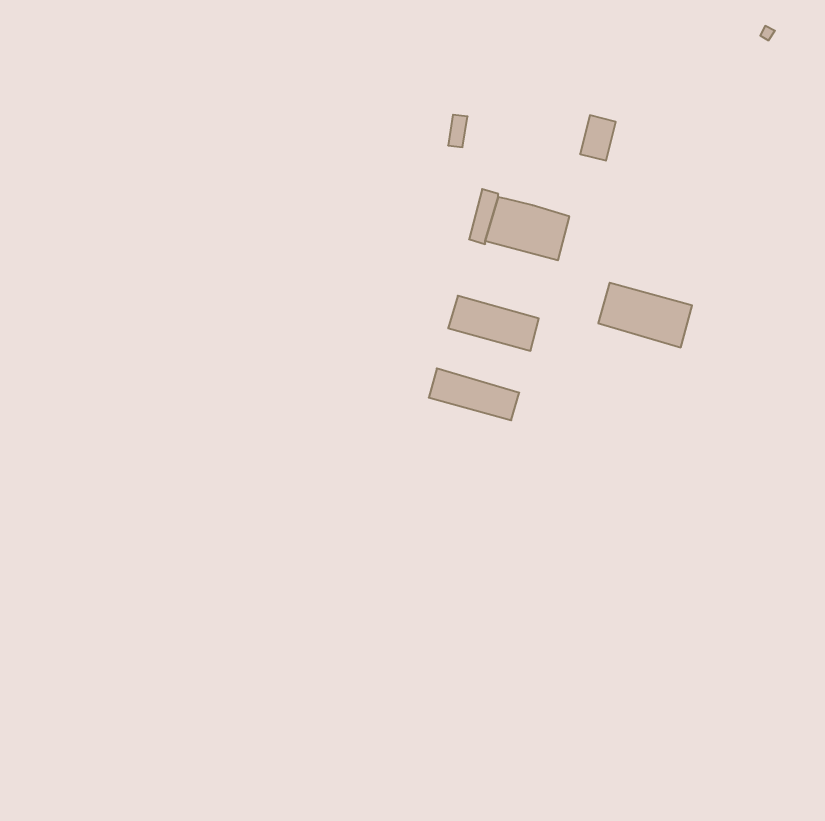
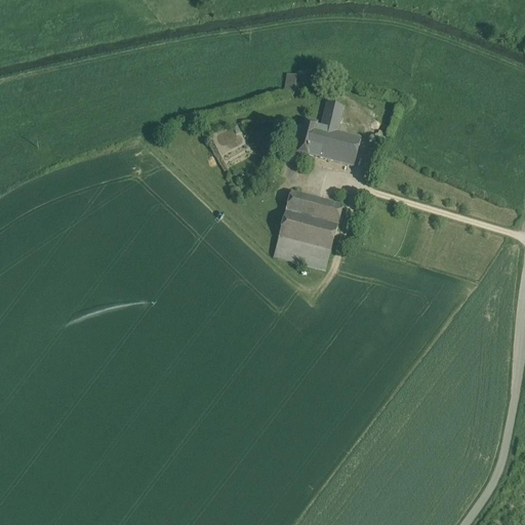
building: [580,115,616,161] -> [322,102,345,130]
building: [598,283,692,347] -> [278,208,337,249]

